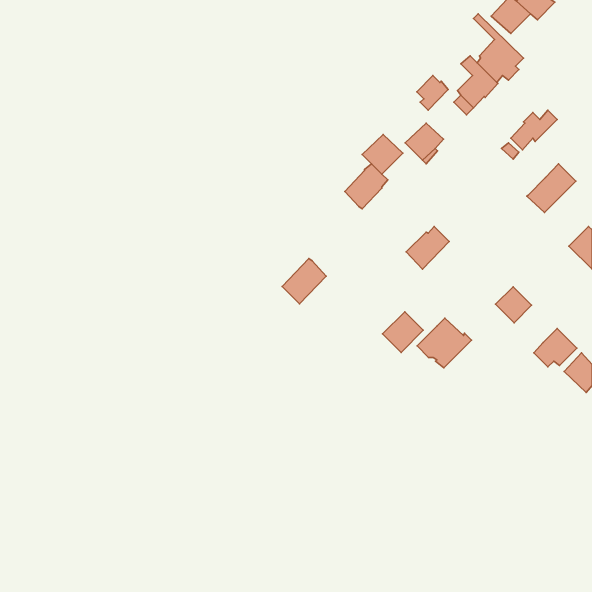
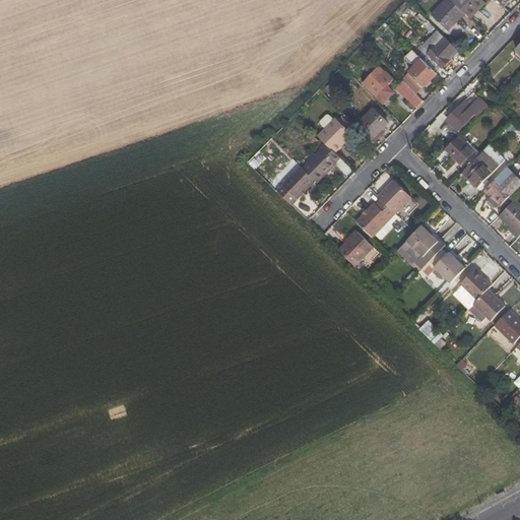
building: none -> [442,132,477,171]
building: none -> [483,175,514,206]
building: none -> [377,181,410,213]
building: [282,259,326,304] -> [275,166,314,205]
building: none -> [459,269,491,300]
building: [383,312,423,352] -> [337,231,373,266]
building: [417,318,472,368] -> [397,224,445,268]

